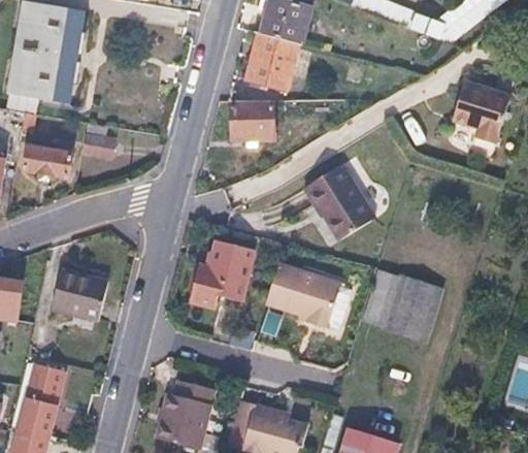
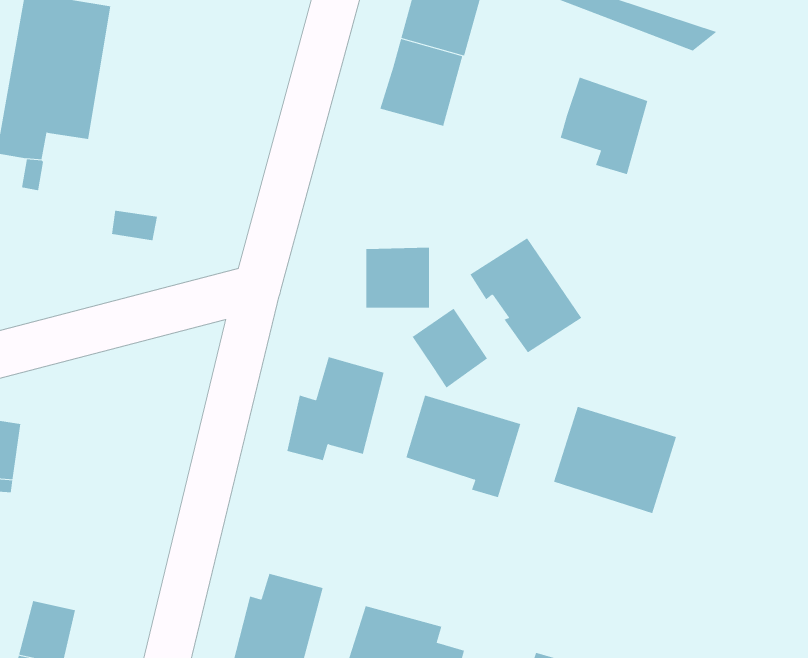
building: [452,79,508,142] -> [560,77,648,175]
building: [232,99,273,138] -> [366,247,430,308]
building: [21,147,70,177] -> none
building: none -> [412,308,488,388]
building: [53,267,112,320] -> none
building: [19,360,64,401] -> none

